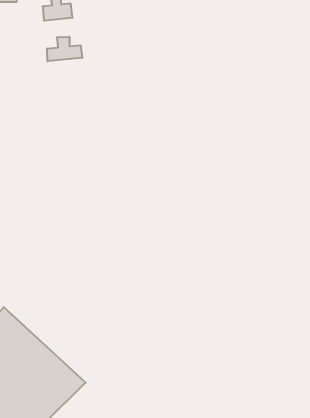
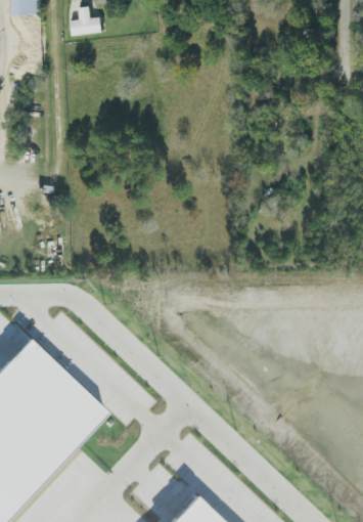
building: [47,37,82,61] -> none

